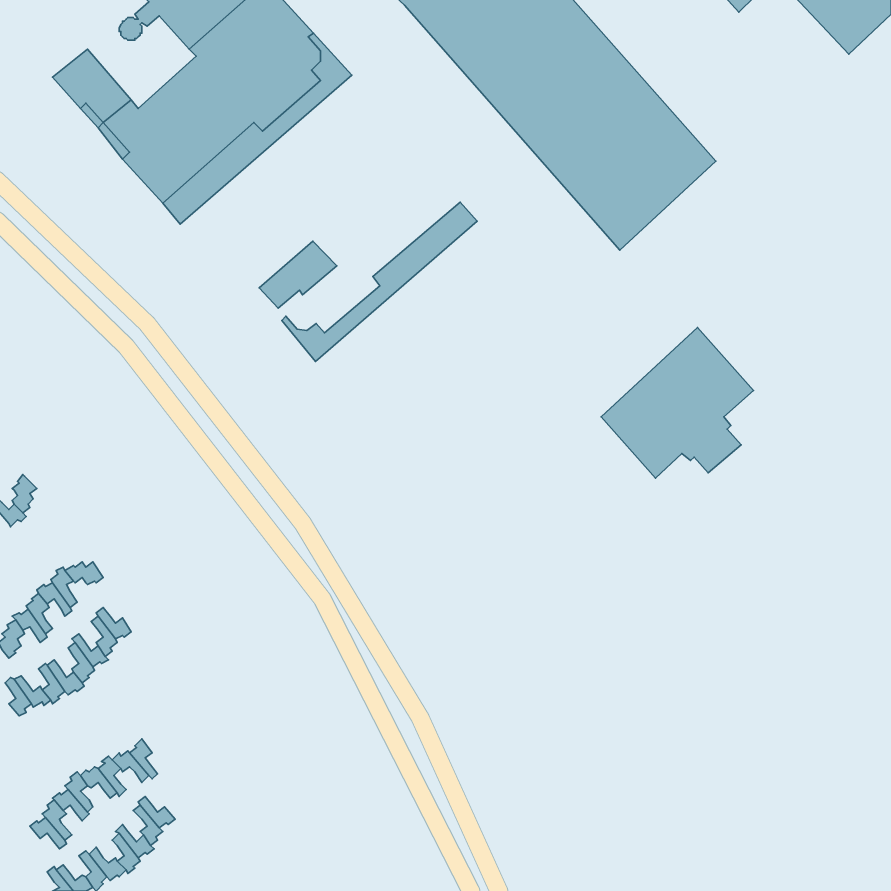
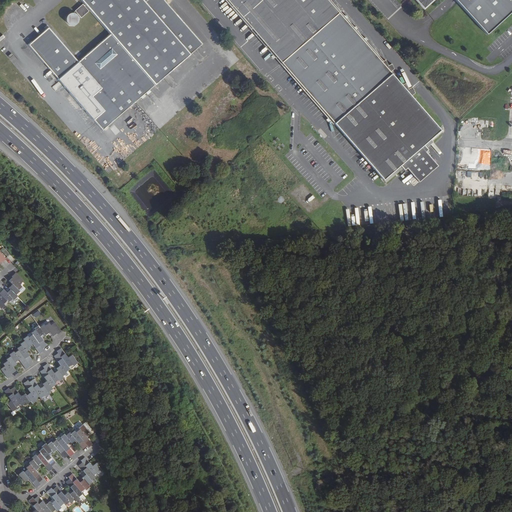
building: [282,202,477,361] -> none
building: [259,241,337,308] -> none
building: [601,328,754,478] -> [354,92,441,178]

